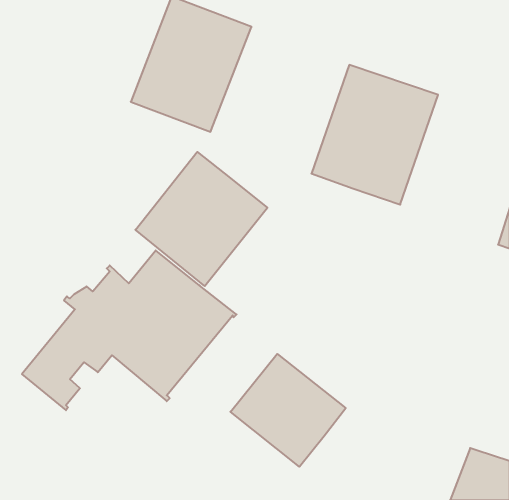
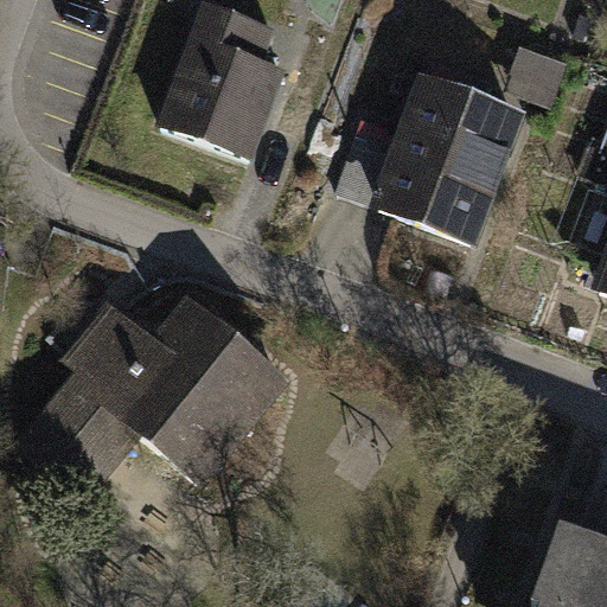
building: [135,152,267,286] -> none
building: [230,354,346,467] -> none

